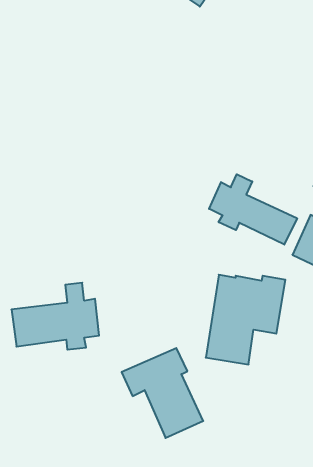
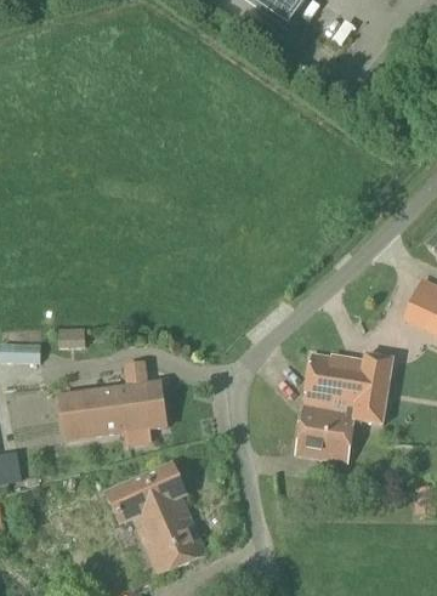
building: [209,174,297,245] -> none
building: [122,348,203,438] -> [106,464,205,573]

